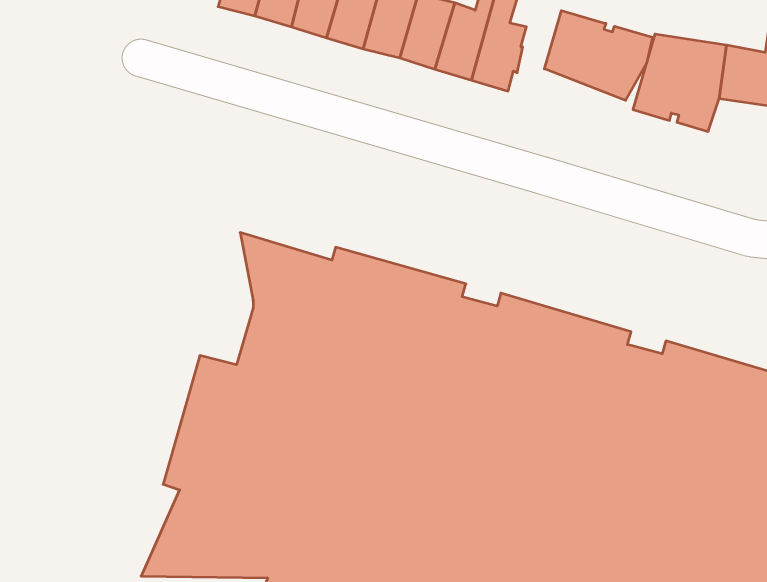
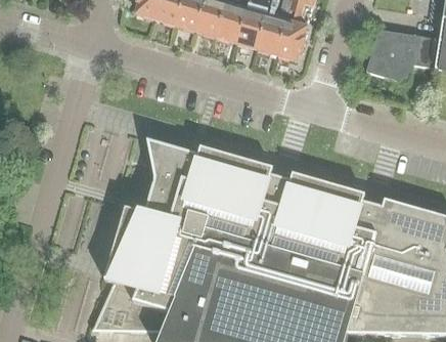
building: [544,11,652,100] -> none

